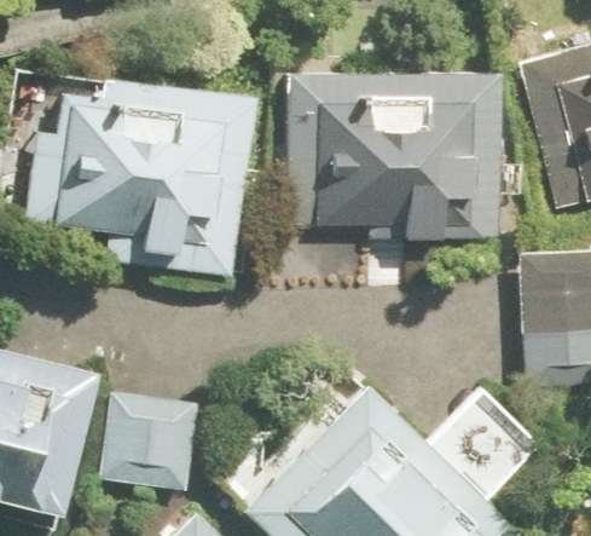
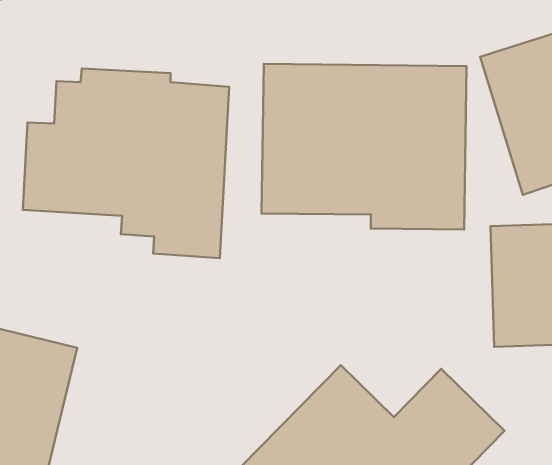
building: [100,376,203,476] -> none

